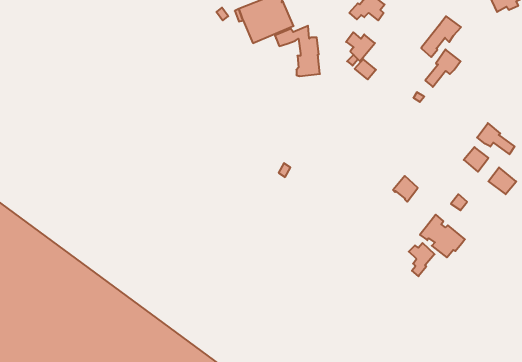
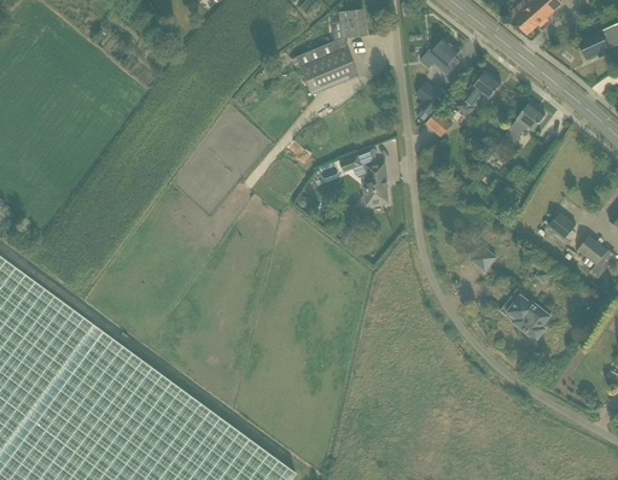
building: [421,16,461,57] -> [457,71,502,117]
building: [275,26,320,76] -> [338,150,389,206]
building: [477,123,515,154] -> none
building: [409,243,435,276] -> none

